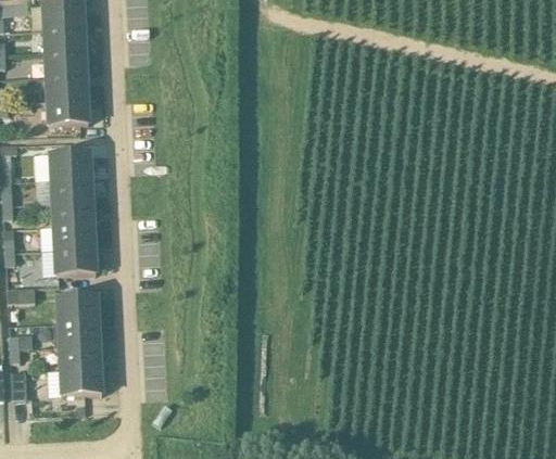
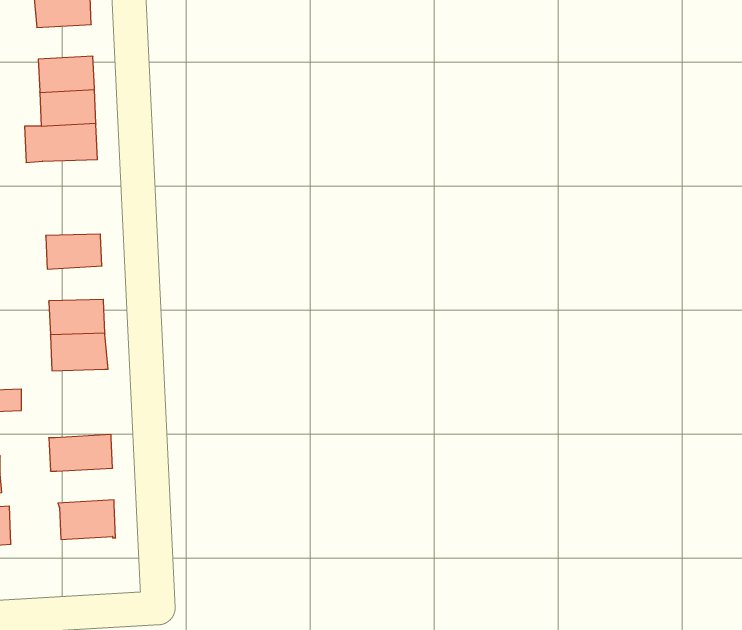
building: [45,25,85,50] -> none
building: [50,149,90,176] -> none
building: [52,197,92,222] -> none
building: [56,293,98,320] -> none
building: [59,342,100,367] -> none

